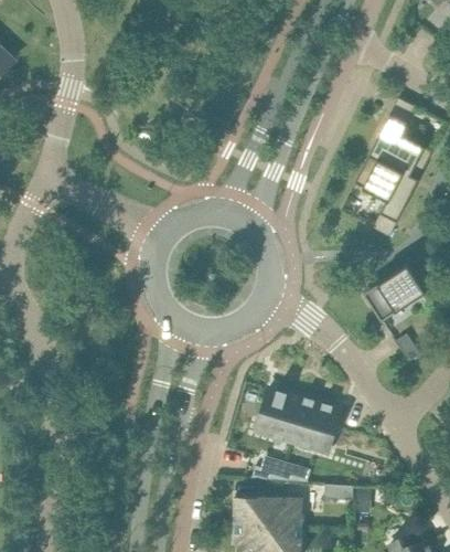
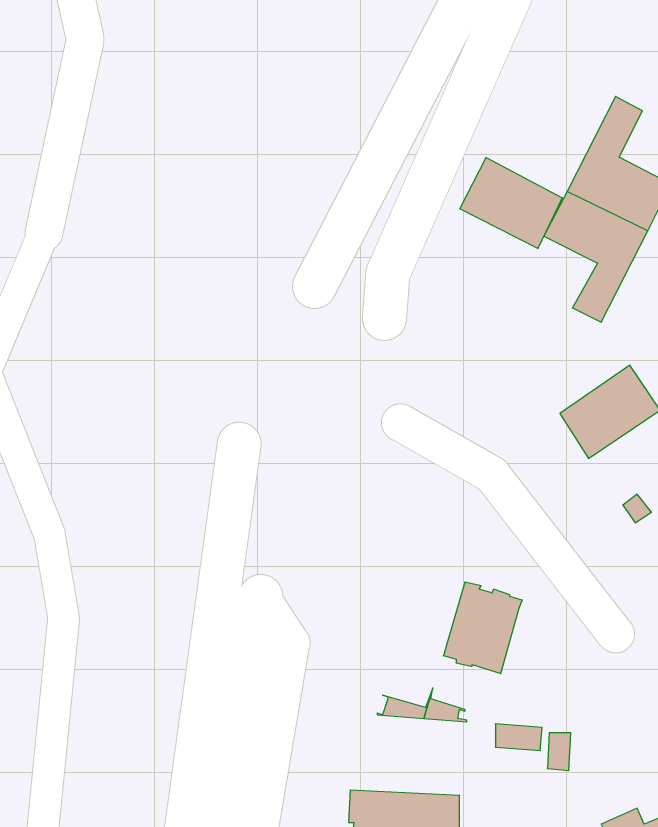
building: none -> [460,158,562,249]
building: [256,386,306,442] -> none
building: [234,495,304,528] -> none

